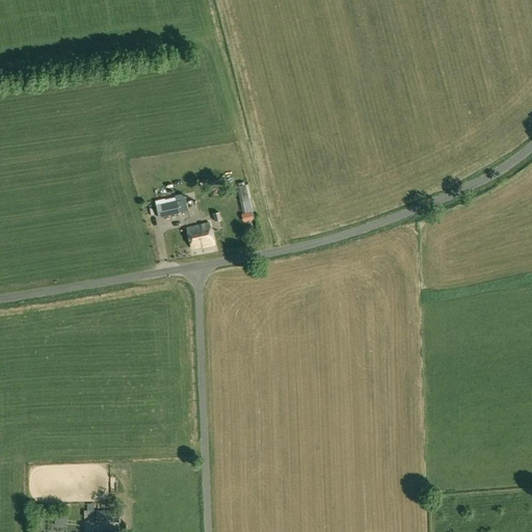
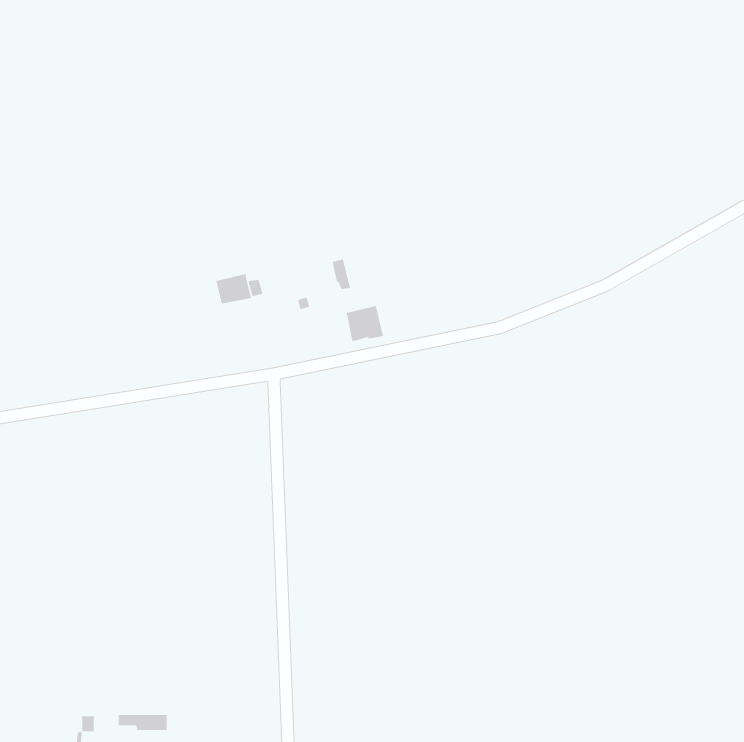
building: [187,223,214,249] -> [346,306,384,342]

